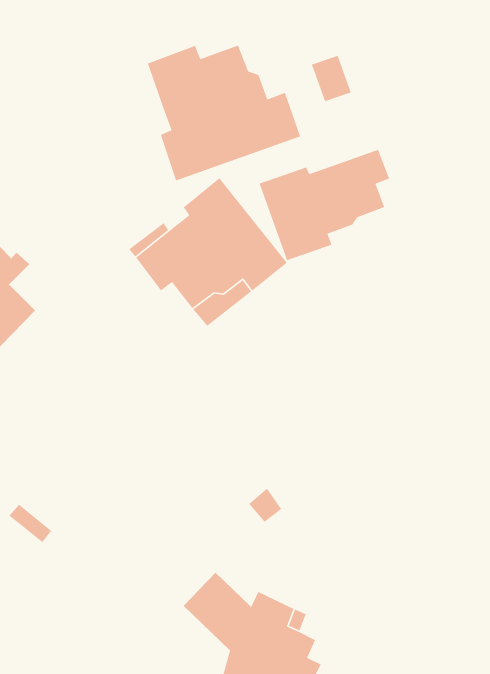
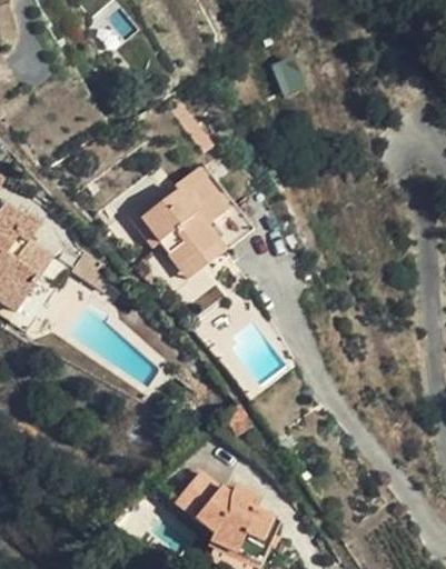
building: [147,45,301,181] -> none
building: [259,149,390,261] -> none

